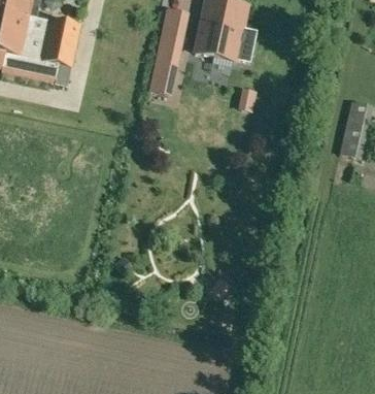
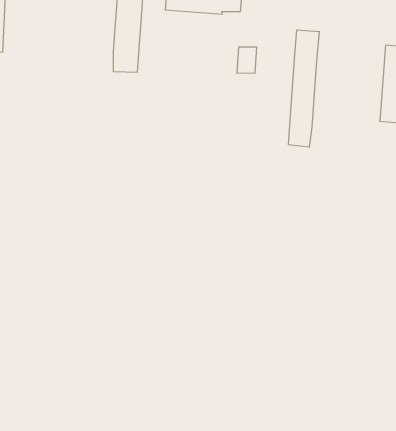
building: none -> [288,30,319,147]

